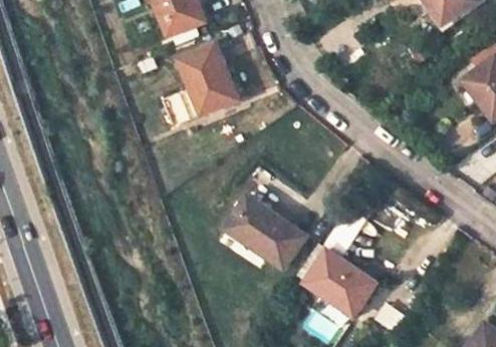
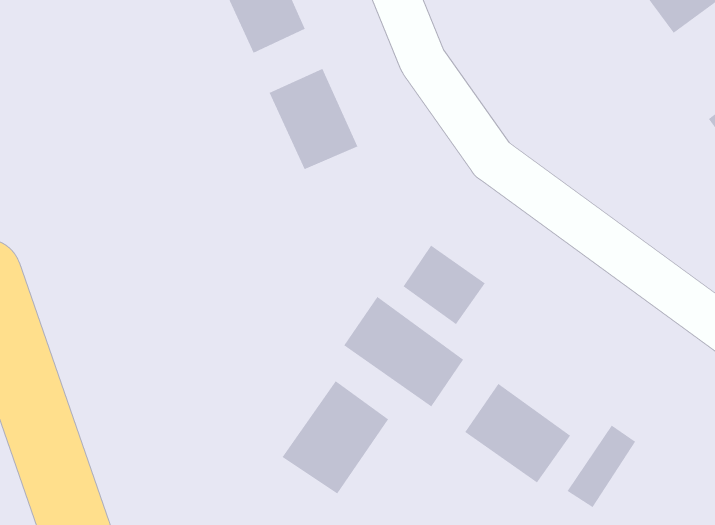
building: none -> [402,244,486,325]
building: none -> [282,380,389,495]

